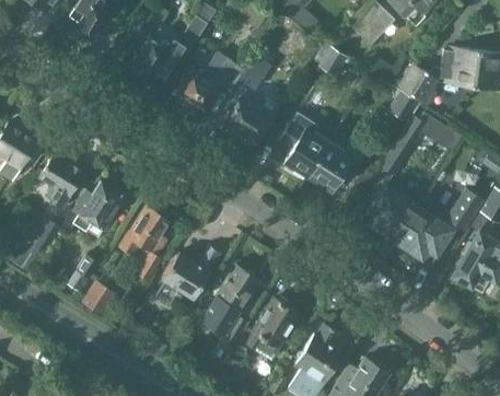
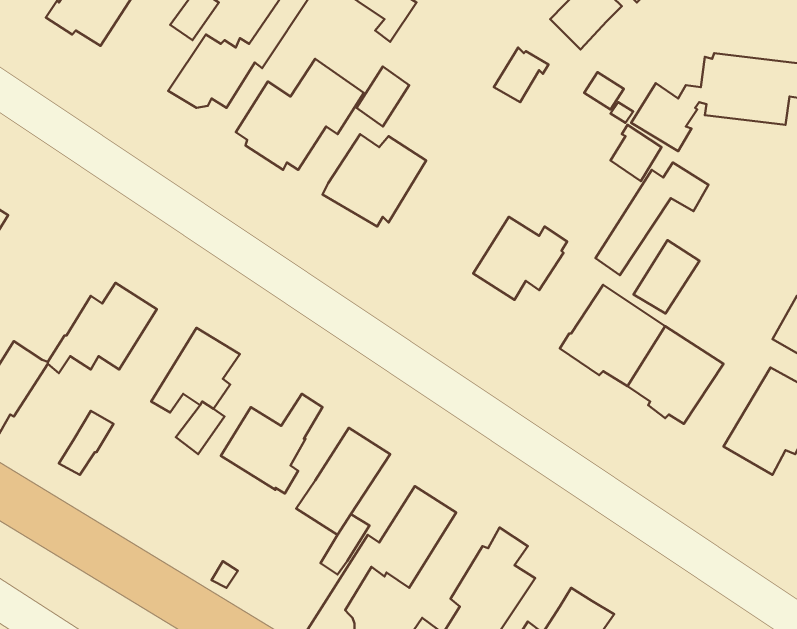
building: [277,112,328,175] -> none
building: [37,155,84,209] -> none
building: [445,186,484,229] -> [633,240,699,313]
building: [81,278,116,314] -> none

